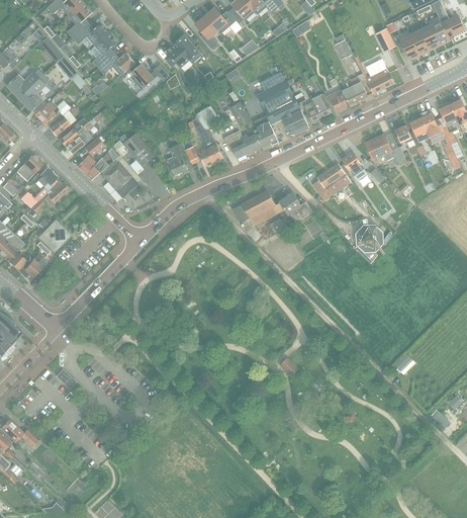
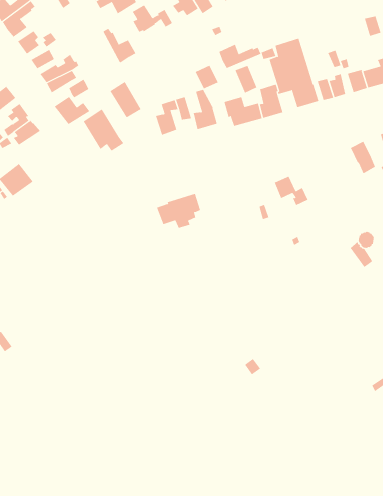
building: none -> [219,44,261,69]
building: none -> [103,28,136,63]
building: [311,163,350,199] -> none
building: [231,190,271,224] -> [156,193,201,228]

